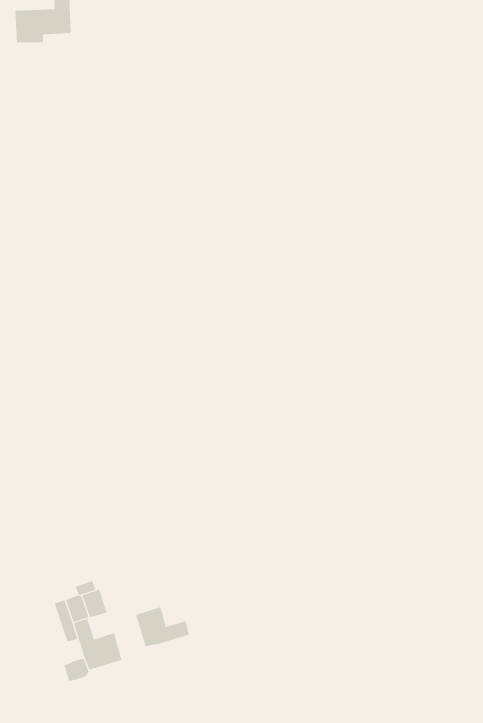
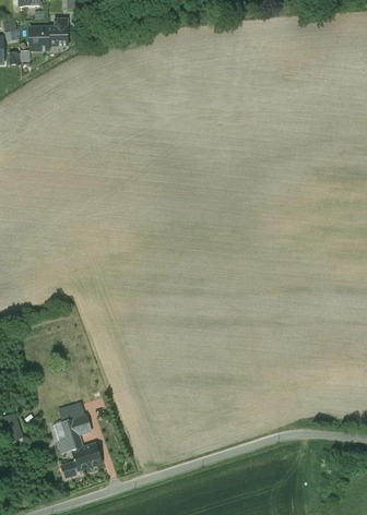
building: [135,606,190,647] -> none

